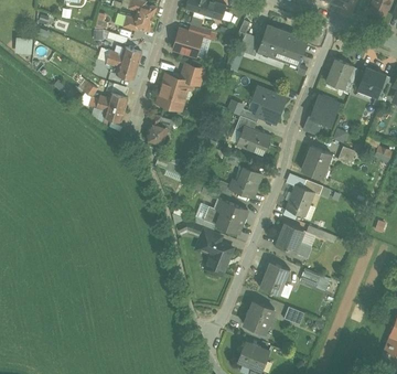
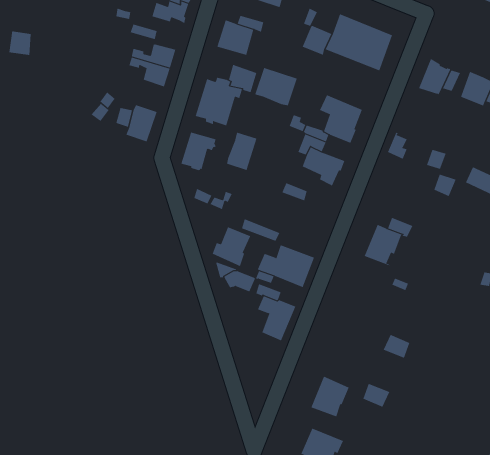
building: none -> [255,67,297,106]
building: [311,96,339,125] -> none
building: none -> [226,132,257,171]
building: [302,146,332,179] -> none
building: [232,168,262,199] -> [212,226,252,267]
building: [277,223,312,258] -> none
building: [260,261,290,296] -> none

